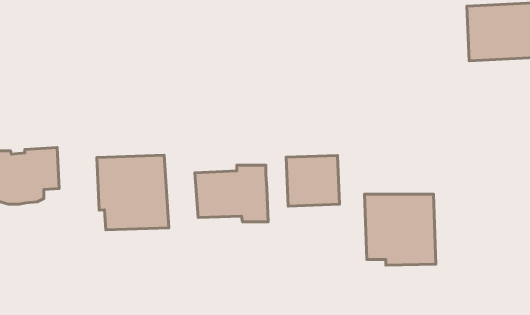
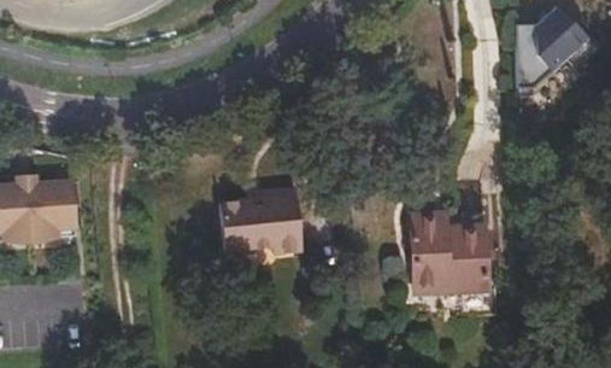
building: [97,155,169,230] -> none
building: [286,155,339,206] -> none

